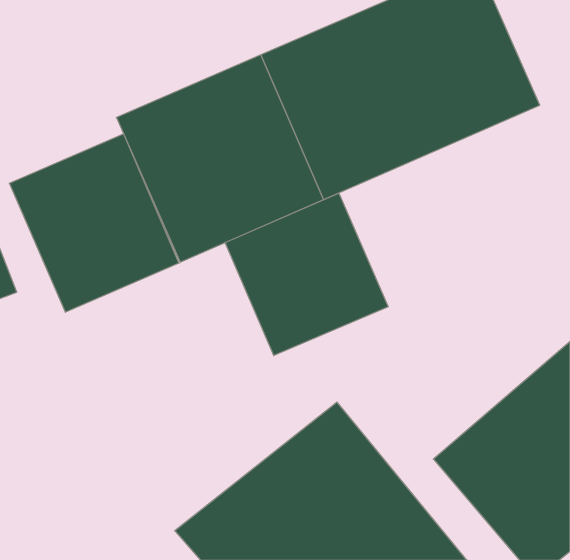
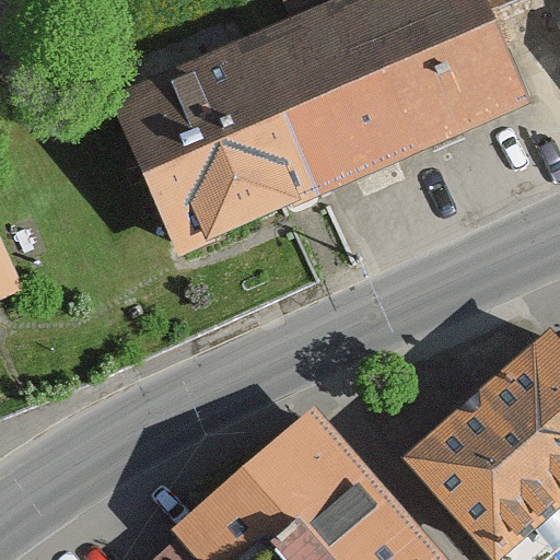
building: [9,134,179,312] -> none
building: [225,193,388,356] -> none

